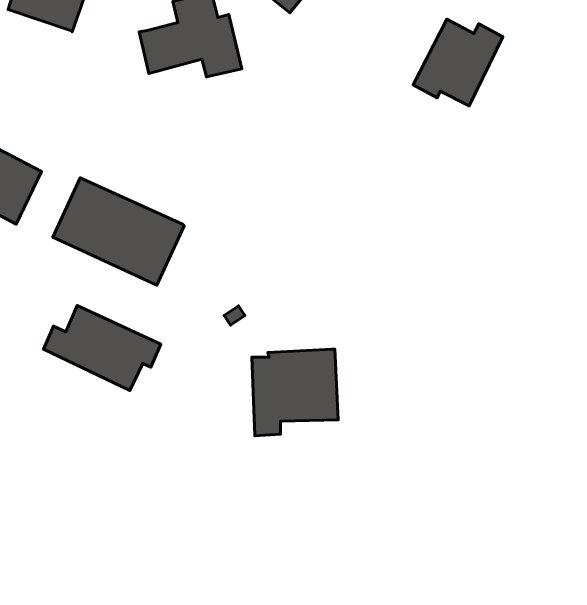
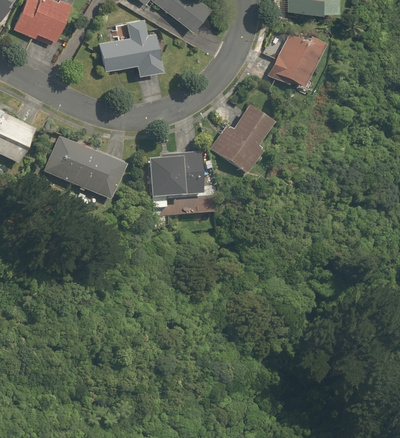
building: none -> [209,107,267,172]
building: [43,306,161,391] -> none
building: [252,349,338,436] -> [150,153,204,207]

